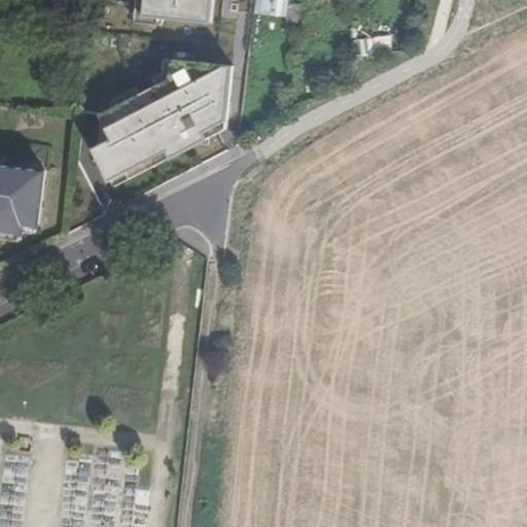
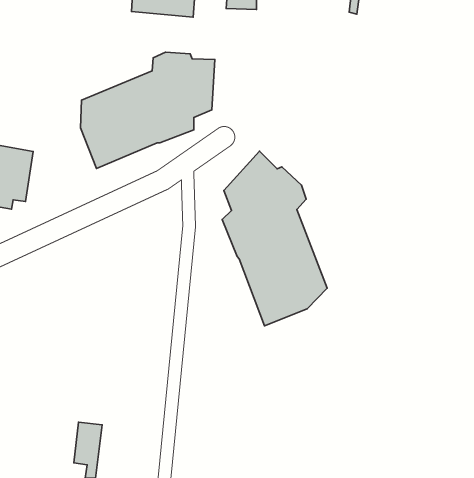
building: none -> [222,151,327,326]

